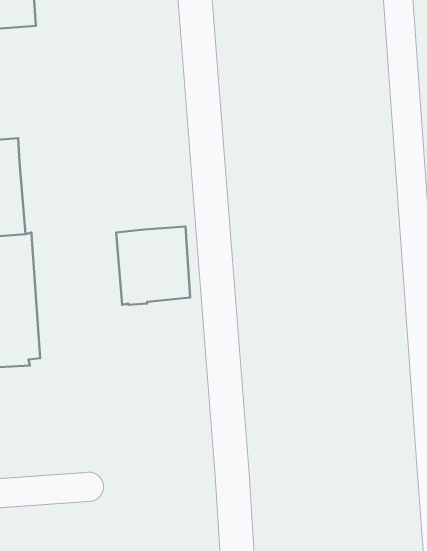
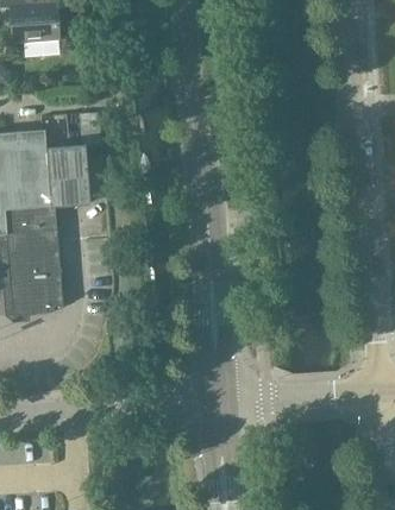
building: [116,227,190,305] -> [46,145,106,208]

